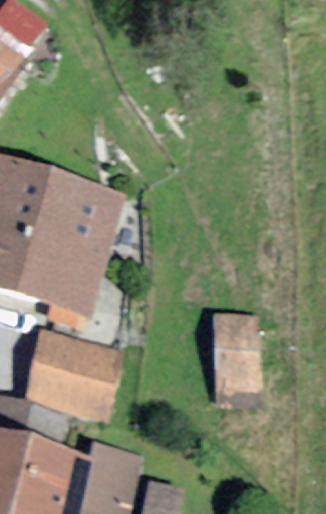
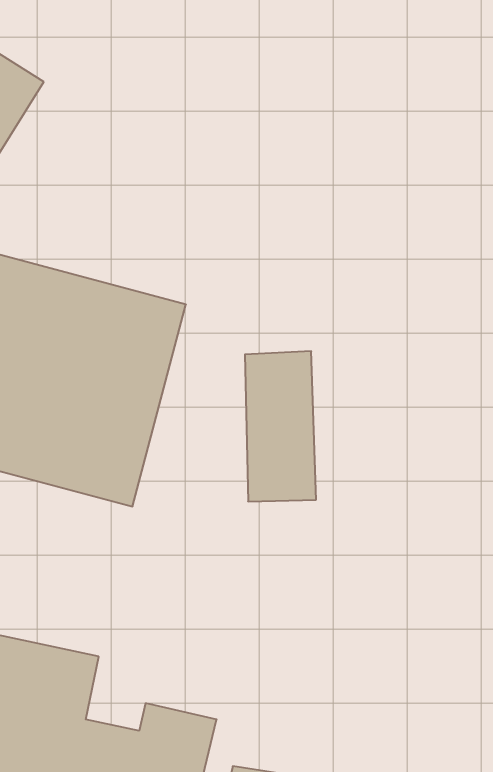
building: [213,313,257,407] -> [245,351,316,501]
building: [26,334,121,419] -> none

